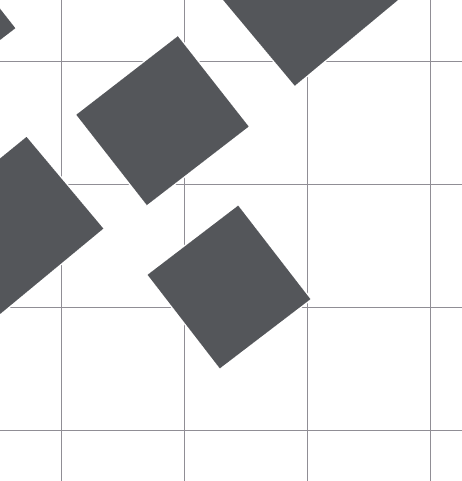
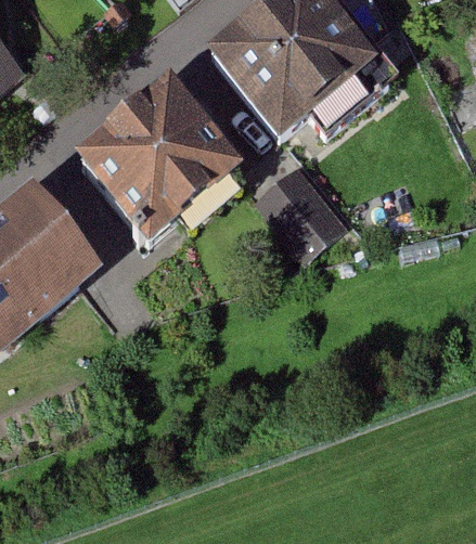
building: none -> [258,161,342,251]
building: [146,205,311,369] -> none

